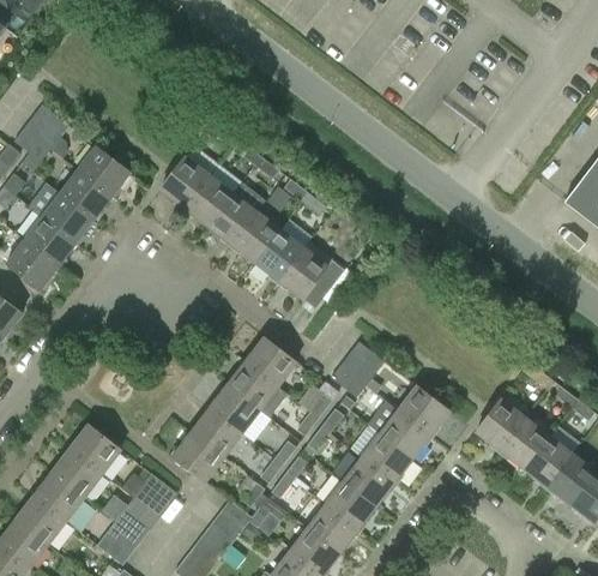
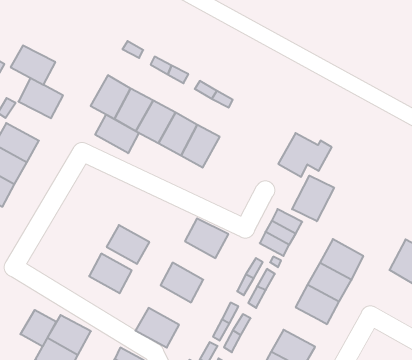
building: [59,170,111,220] -> [11,45,55,85]
building: none -> [95,114,139,153]
building: [278,247,343,299] -> [278,133,332,177]
building: none -> [292,176,334,221]
building: [226,361,277,409] -> [107,225,149,264]
building: [191,408,241,457] -> [89,254,132,293]
building: none -> [20,310,56,347]
building: [343,457,394,506] -> none

